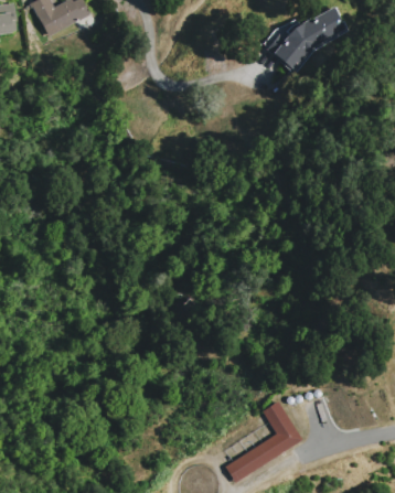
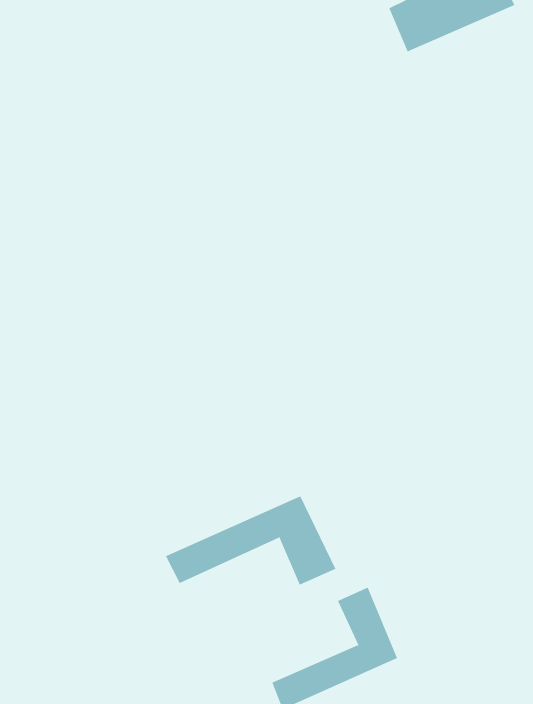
building: none -> [165,496,336,586]

